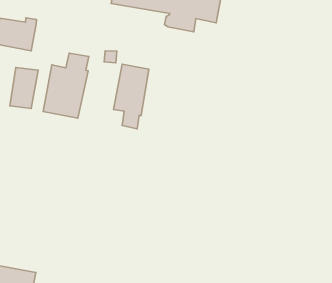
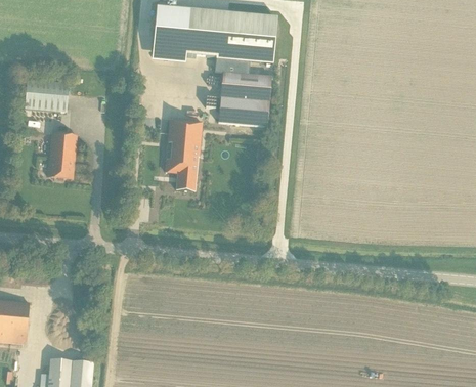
building: none -> [217,72,270,126]
building: [43,53,89,118] -> none

